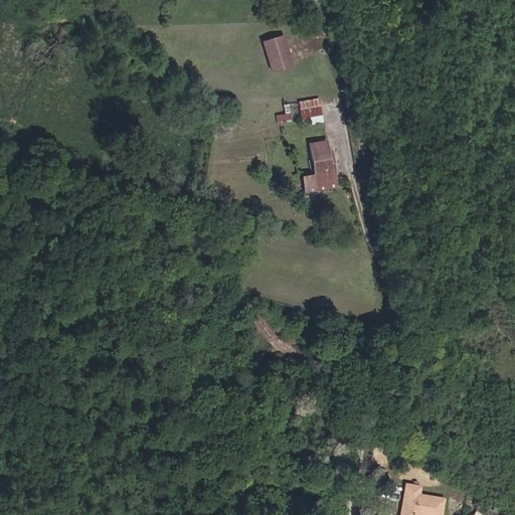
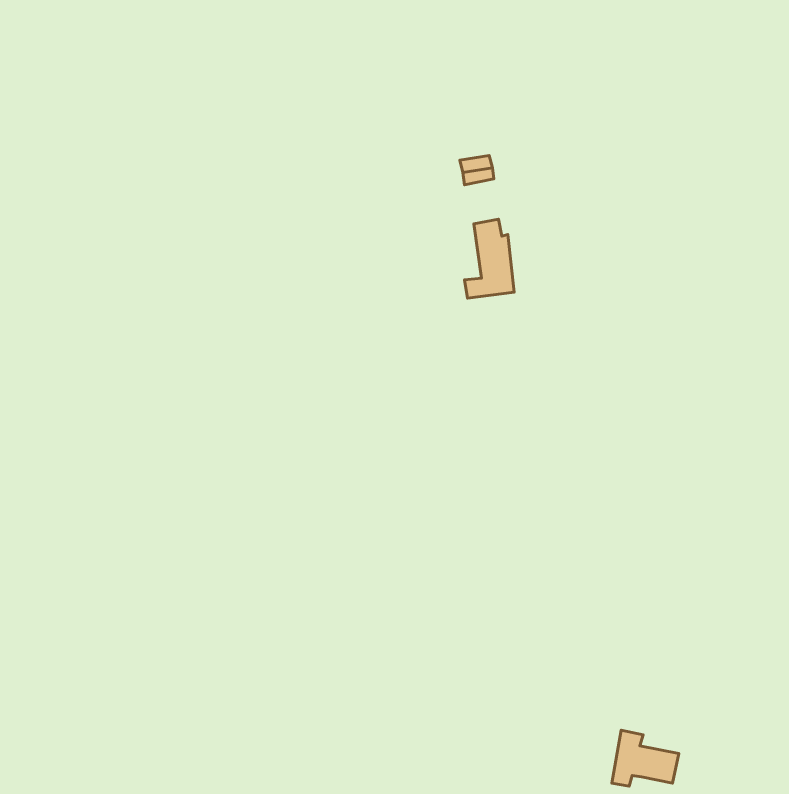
building: [265,37,294,73] -> none

